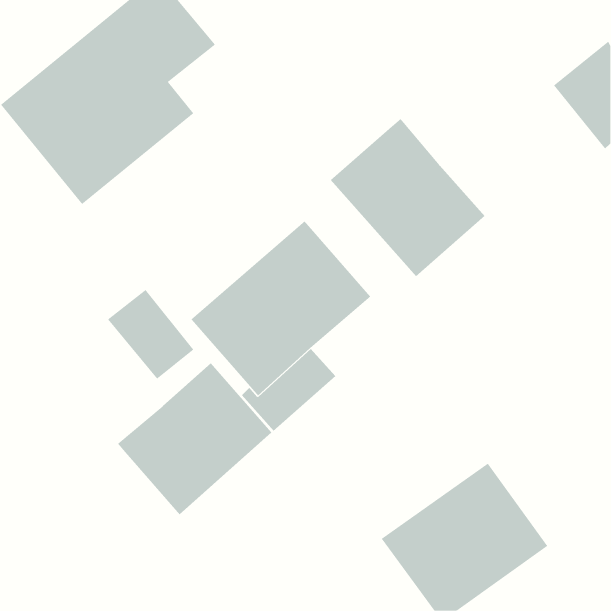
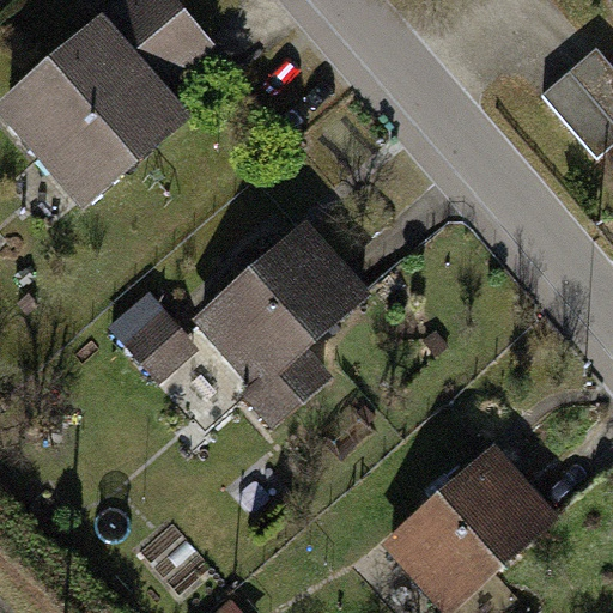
building: [330,118,485,277] -> none
building: [117,362,272,515] -> none

